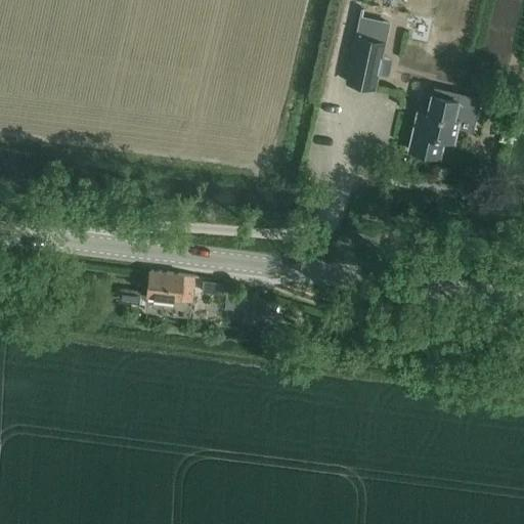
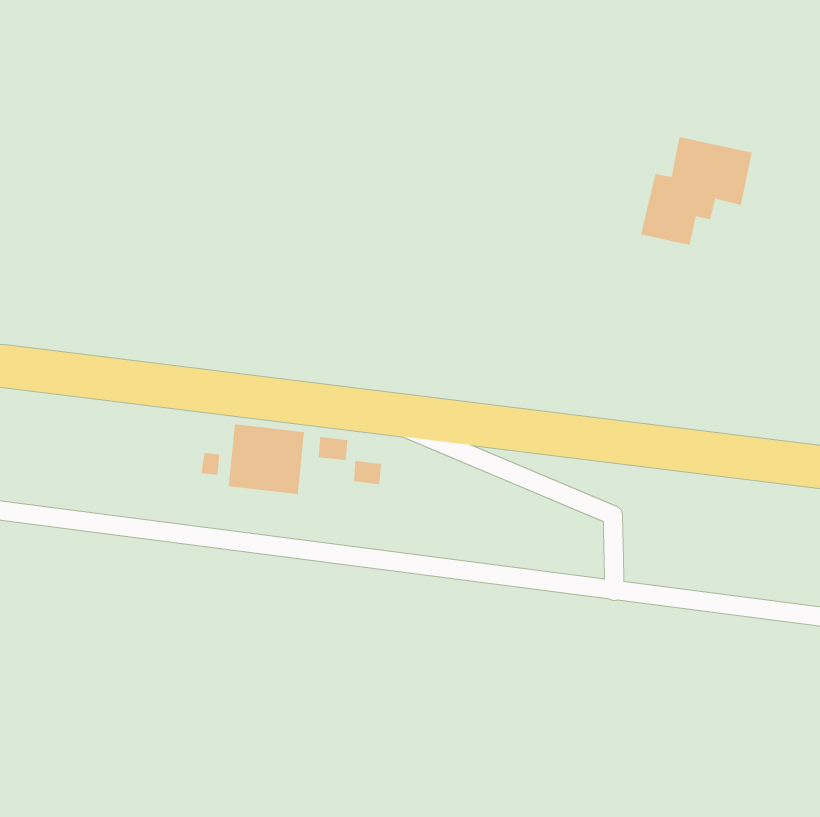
building: [345,9,392,90] -> none

